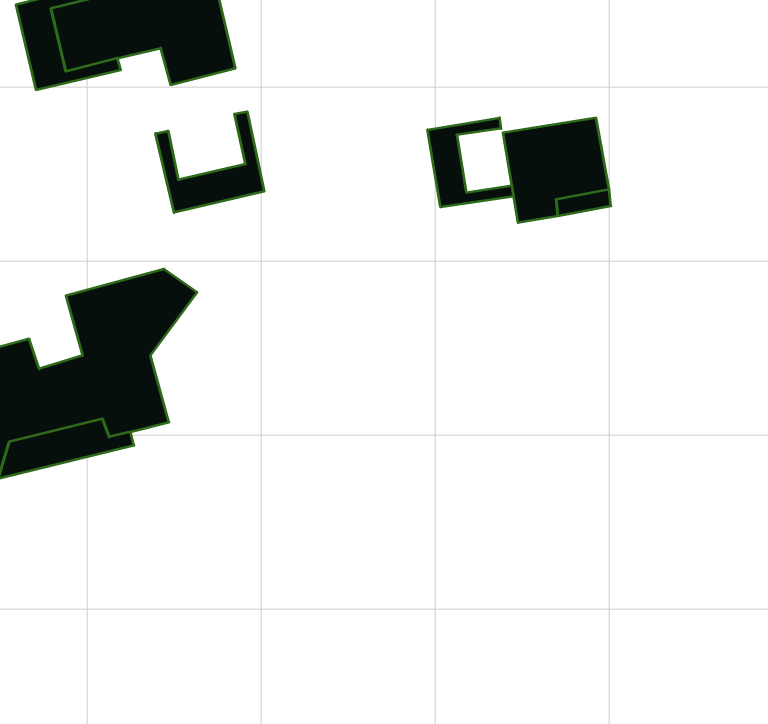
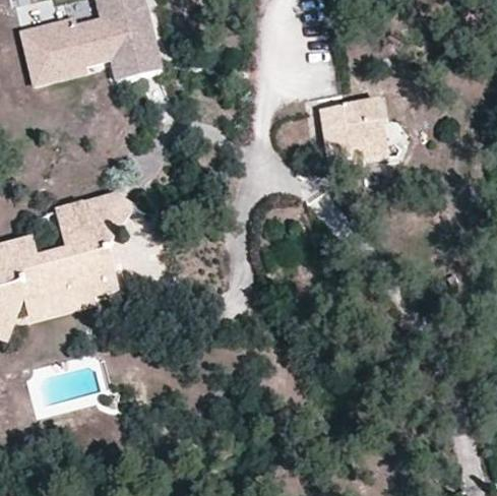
building: [156,112,264,213] -> none
building: [428,118,513,207] -> none

